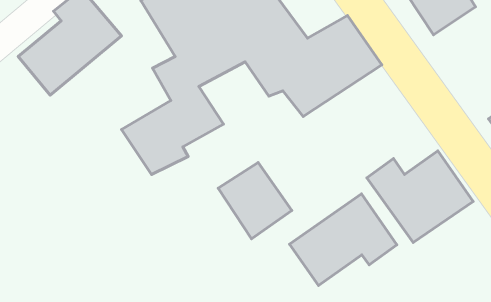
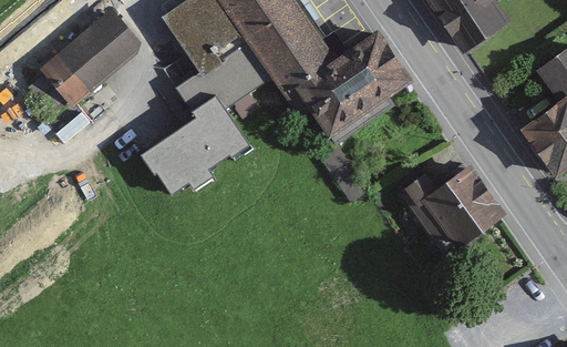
building: [218,162,292,239] -> none
building: [290,194,397,286] -> none

